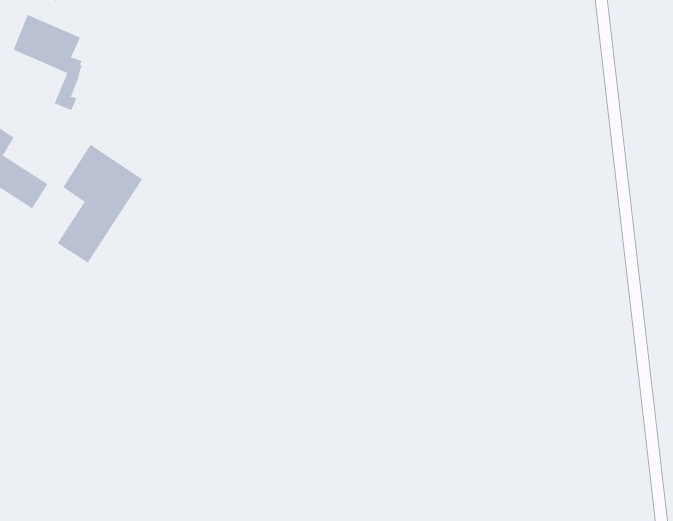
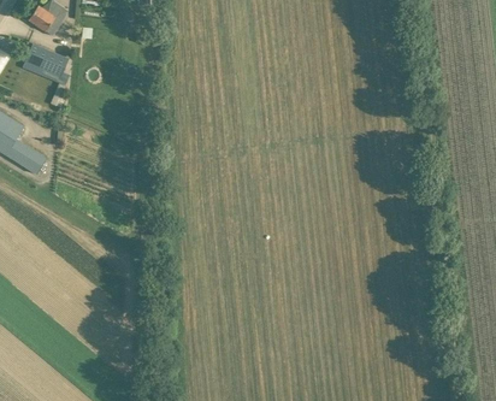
building: [57,144,143,264] -> none

